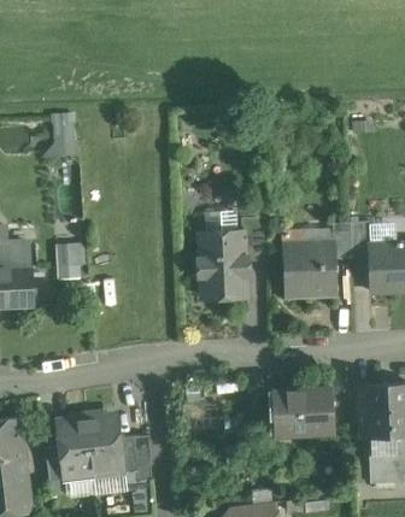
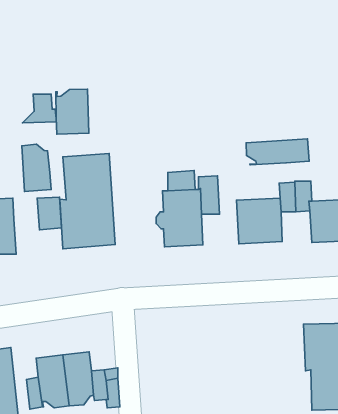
building: none -> [56,89,89,134]
building: none -> [246,139,309,165]
building: none -> [22,144,51,191]
building: none -> [60,153,115,249]
building: [271,388,330,435] -> none

